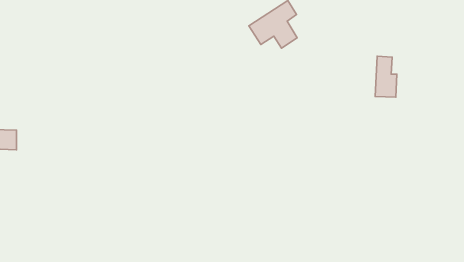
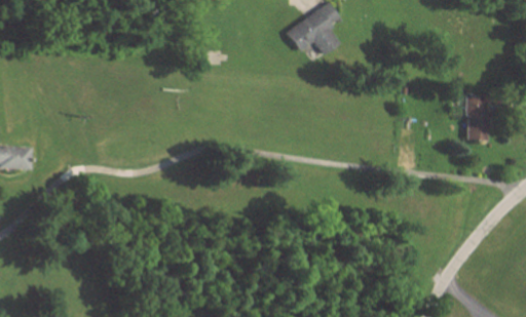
building: [375,56,397,97] -> [466,96,490,142]

